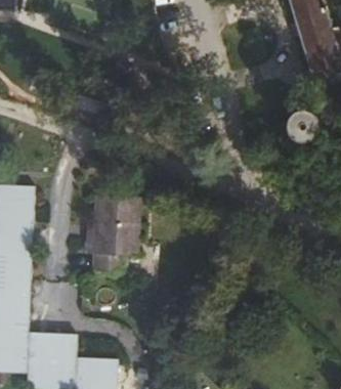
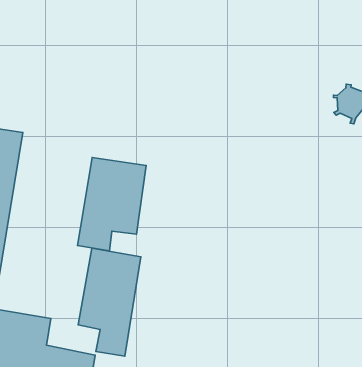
building: none -> [78,248,141,356]

